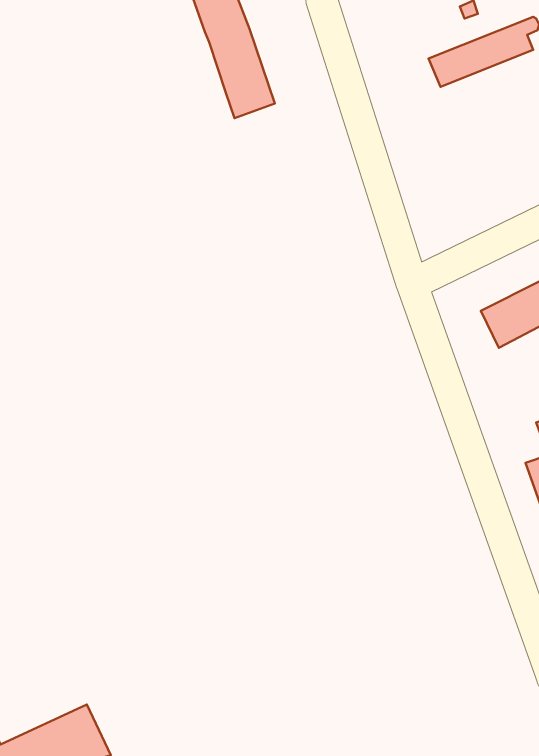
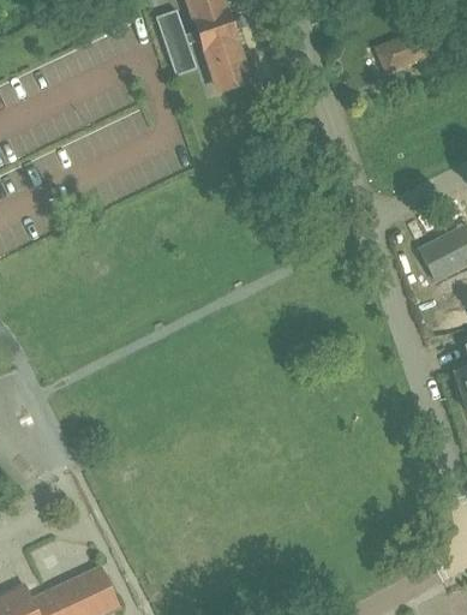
building: none -> [156,11,200,76]

